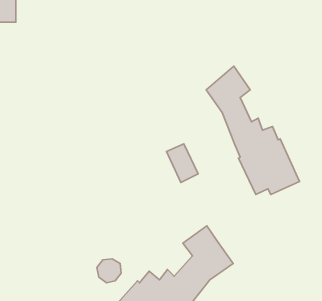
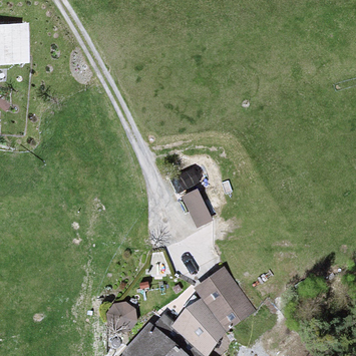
building: [206,66,300,195] -> none

